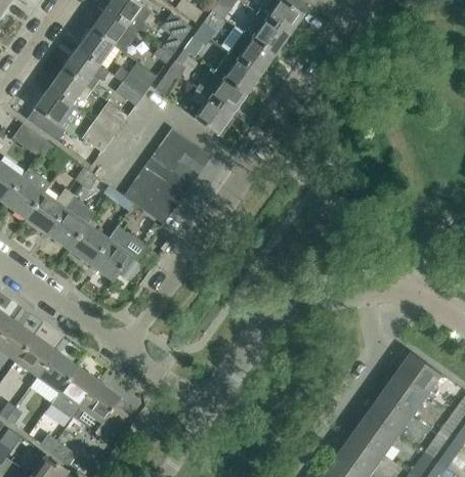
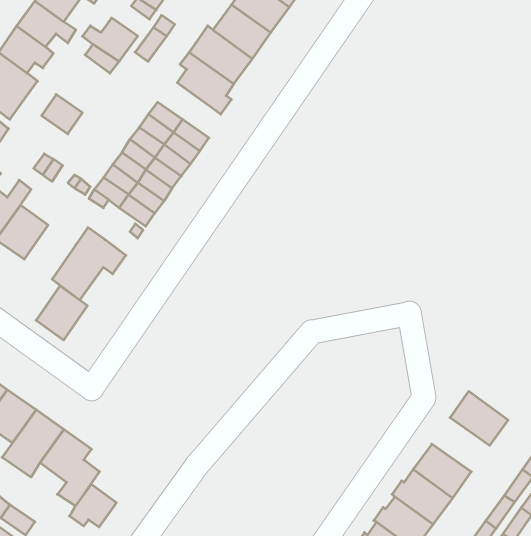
building: [92,101,127,136] -> none
building: [68,223,108,265] -> [36,286,87,340]
building: [384,373,429,415] -> none
building: none -> [69,484,116,527]

